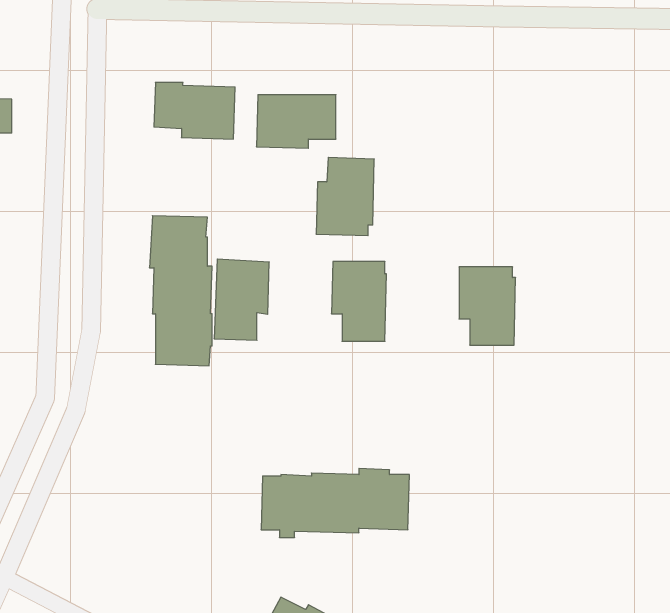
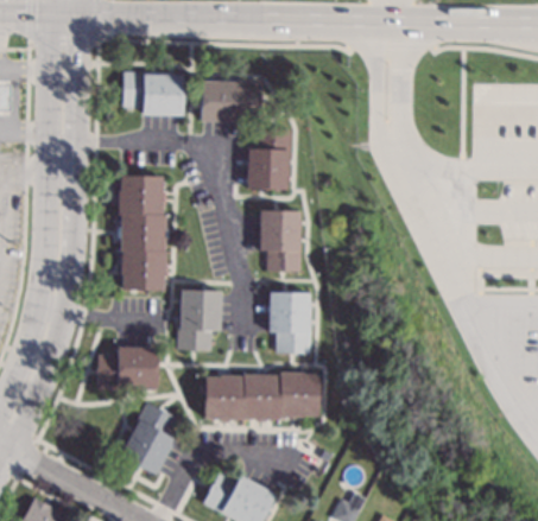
building: [214,259,269,340] -> [179,288,222,351]
building: [459,267,516,345] -> [268,292,312,352]
building: none -> [97,347,159,389]
building: none -> [120,401,178,475]

